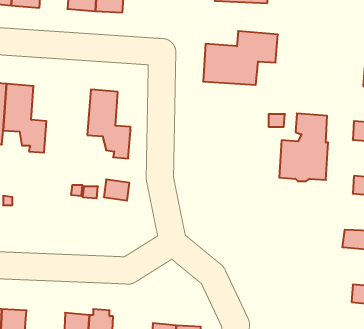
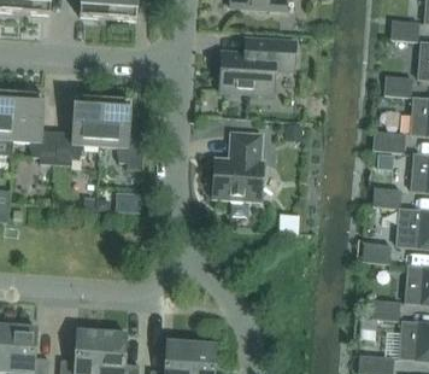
building: none -> [54,98,102,165]
building: [279,113,328,181] -> [212,132,263,201]

